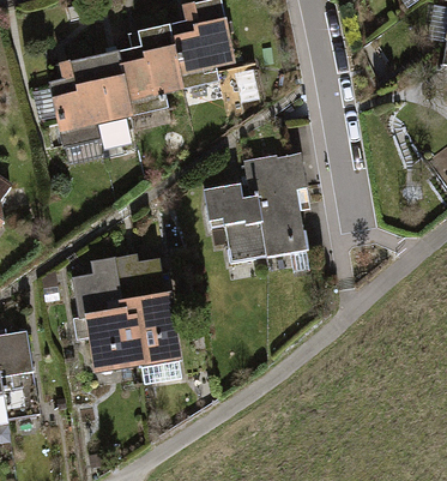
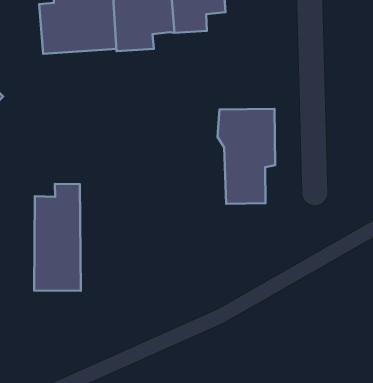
building: [200,184,265,260] -> none
building: [115,253,177,363] -> none

